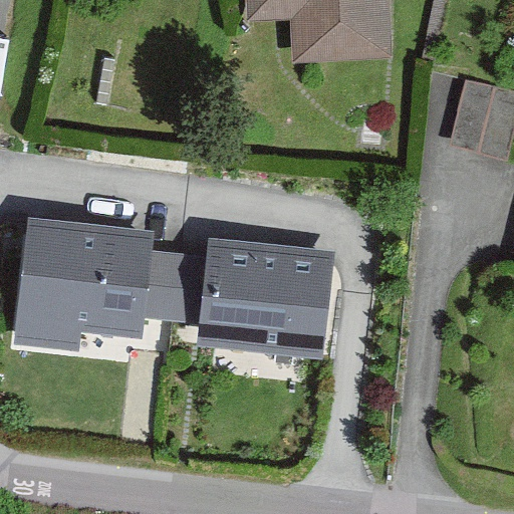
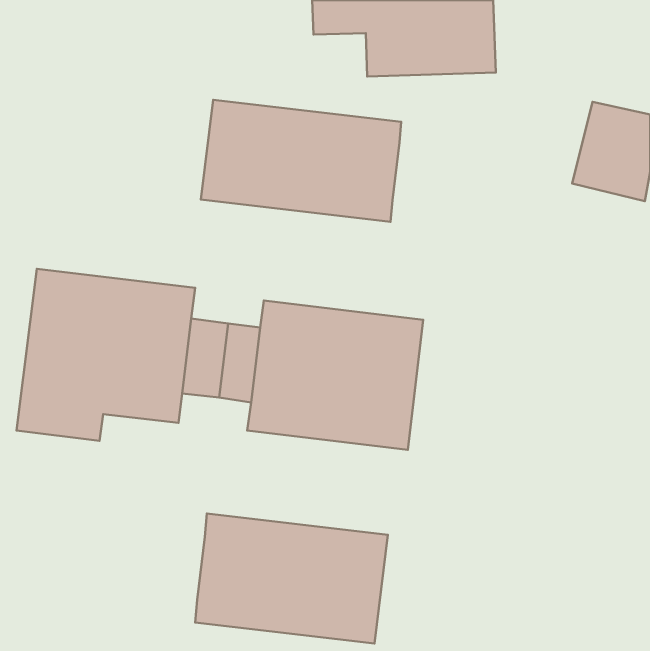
building: none -> [201,100,401,222]
building: none -> [195,513,388,644]

